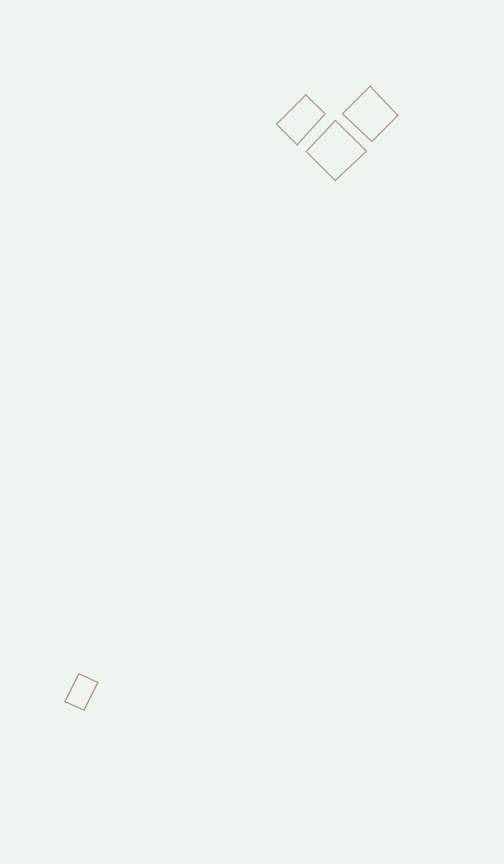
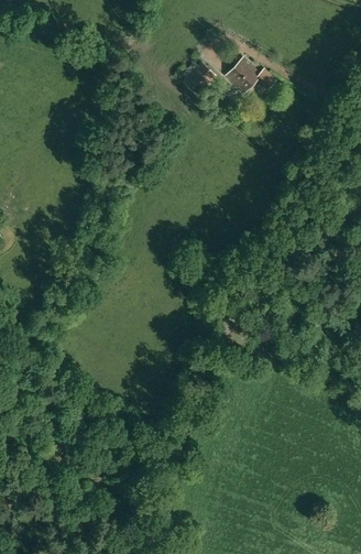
building: [306,120,366,181] -> none

